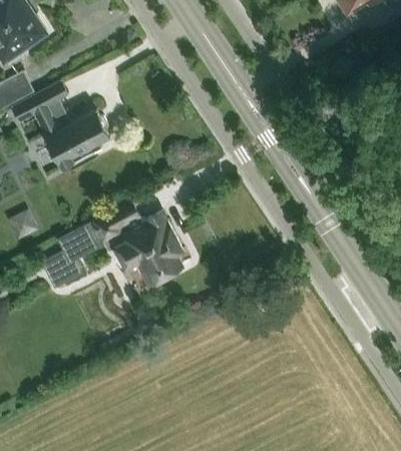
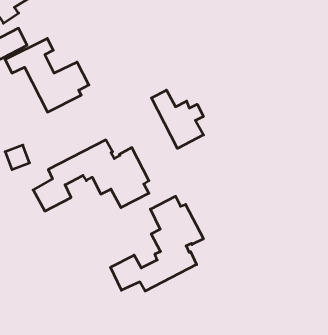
building: none -> [151,90,204,148]
building: none -> [111,196,203,291]

